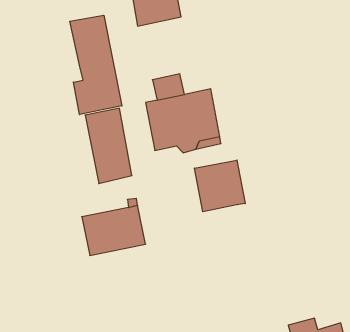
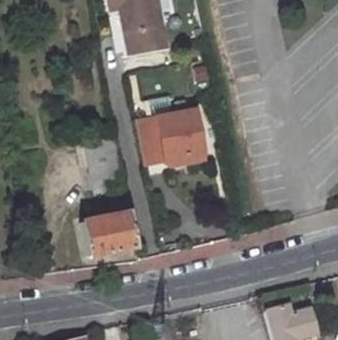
building: [70,15,122,115] -> none
building: [195,160,245,212] -> none

